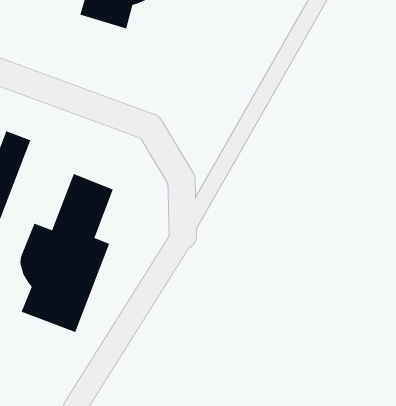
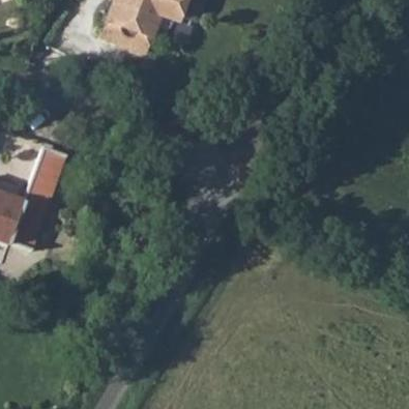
building: [20,173,114,333] -> none

